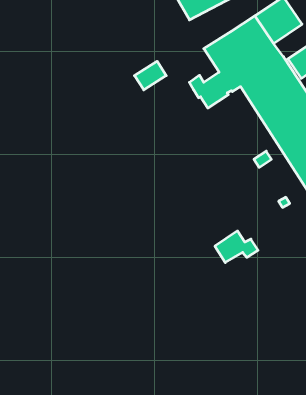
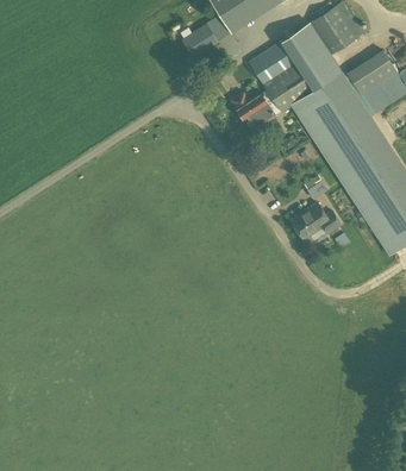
building: [134,61,166,90] -> [181,24,218,57]
building: [215,231,258,263] -> [291,202,341,239]

